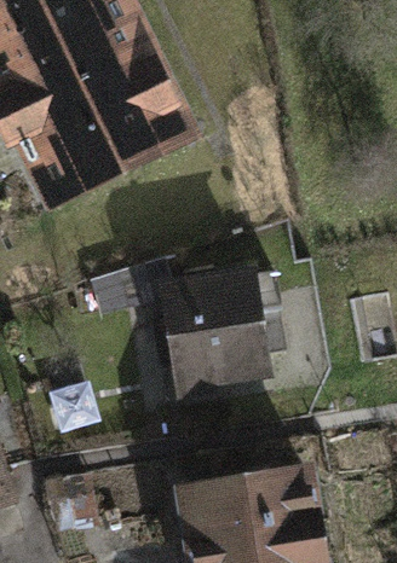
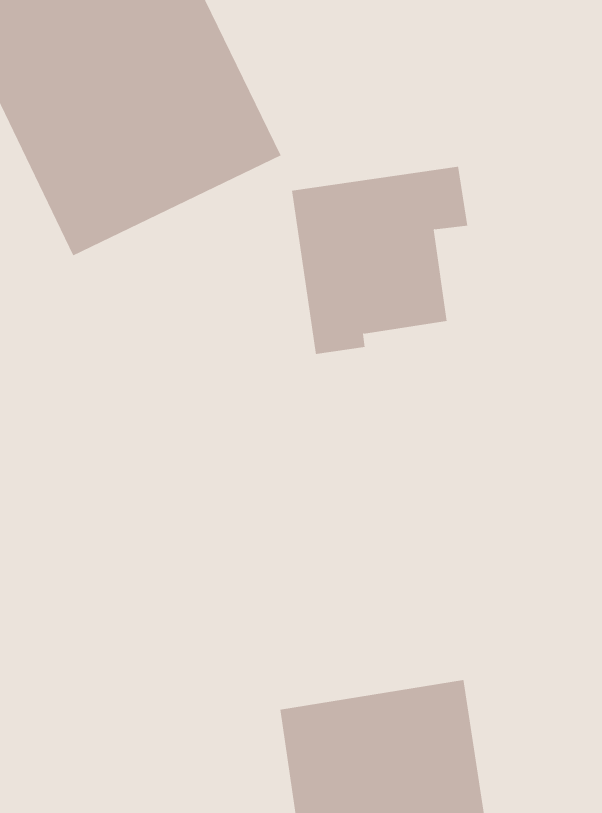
building: [162,271,277,393] -> [291,166,468,355]

